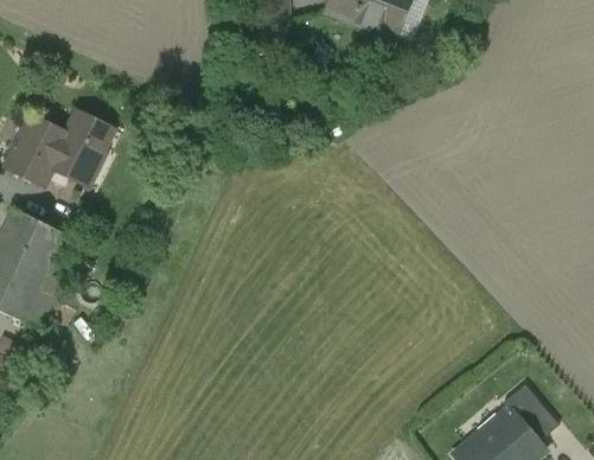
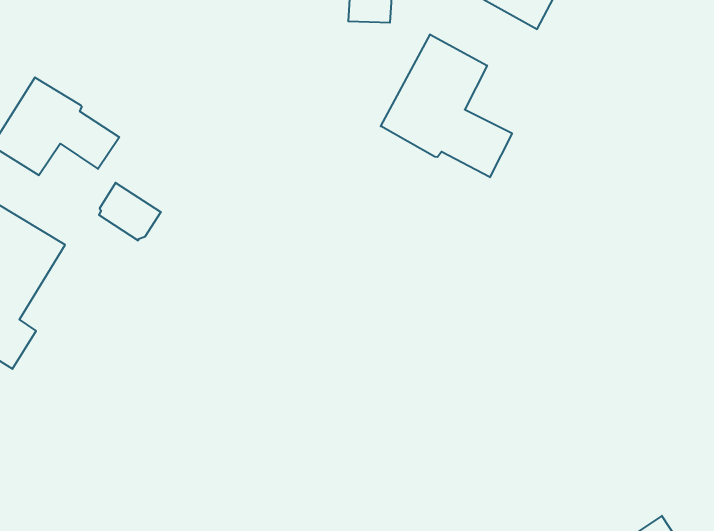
building: none -> [381,34,512,177]
building: [68,111,113,152] -> [99,183,161,240]

